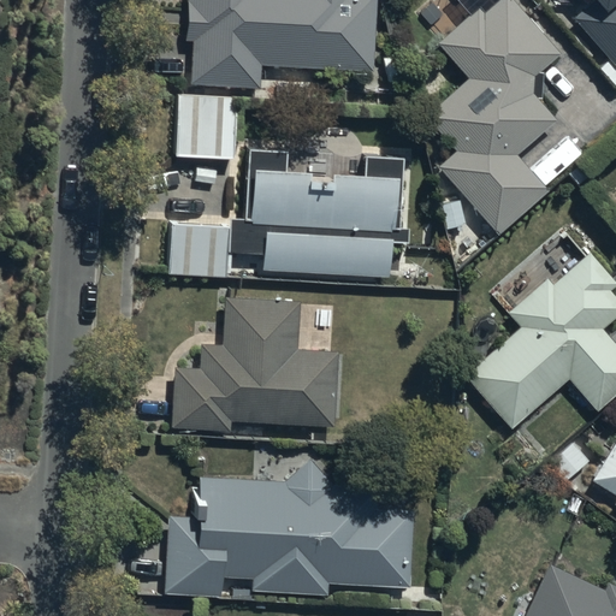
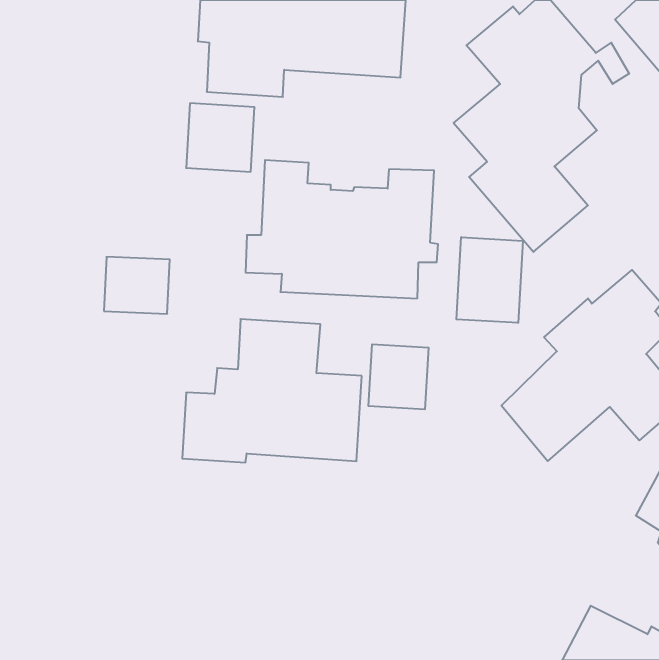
building: none -> [456,237,523,323]
building: [167,225,229,278] -> [104,257,170,314]
building: none -> [368,344,429,409]
building: [165,461,414,597] -> none

